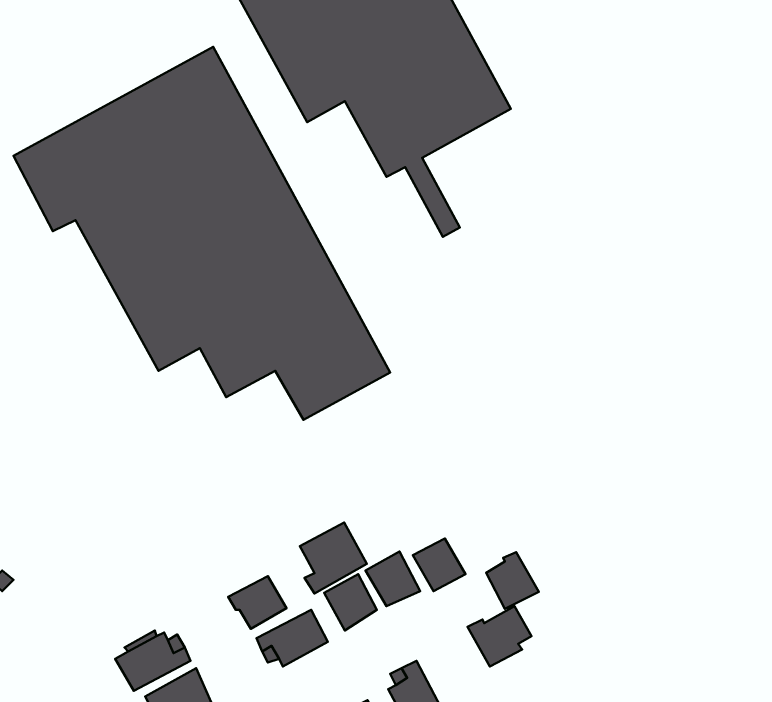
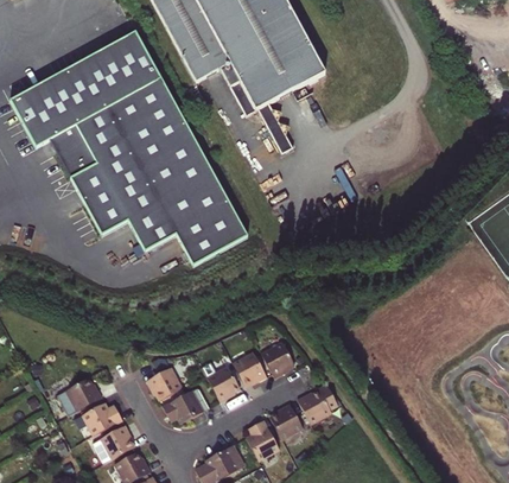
building: [300,523,367,593] -> none
building: [486,552,539,609] -> [271,401,304,437]
building: none -> [57,374,101,413]

